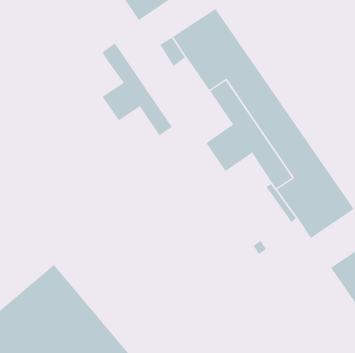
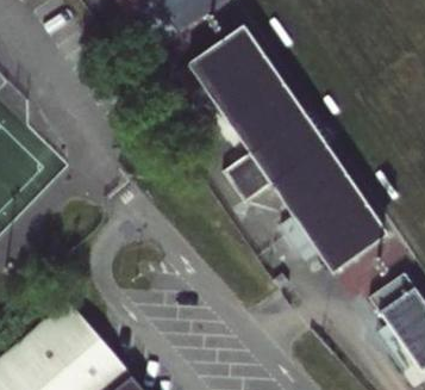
building: [102,43,173,136] -> none

